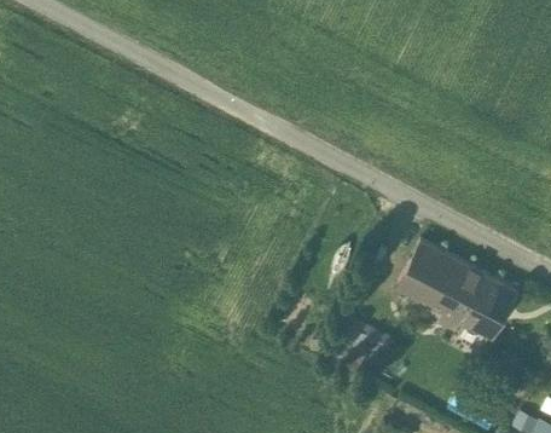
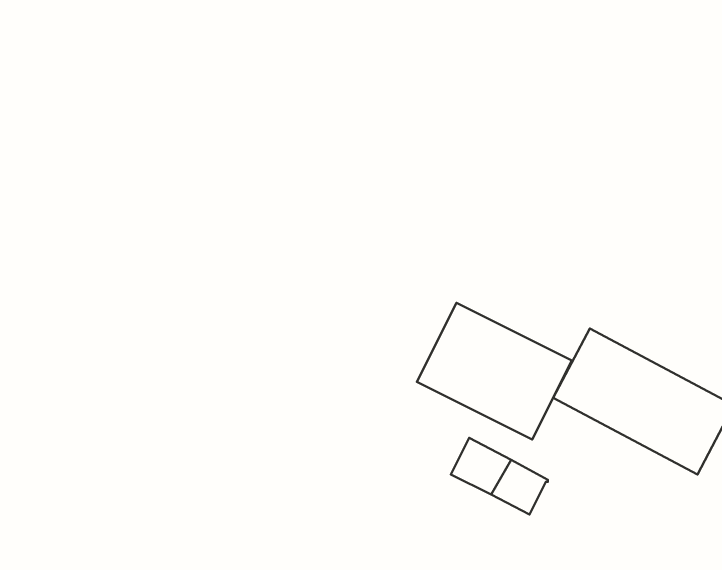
building: none -> [417,303,572,439]

